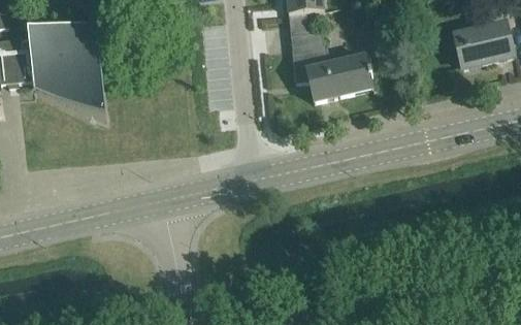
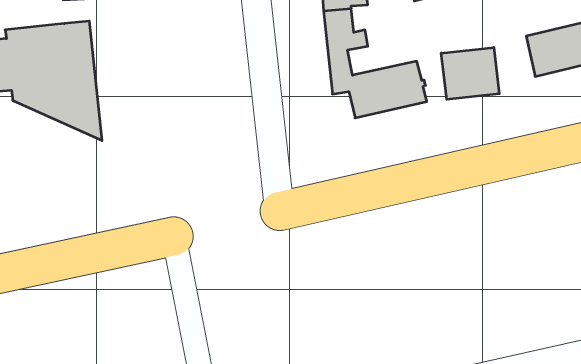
building: none -> [441,47,499,99]

